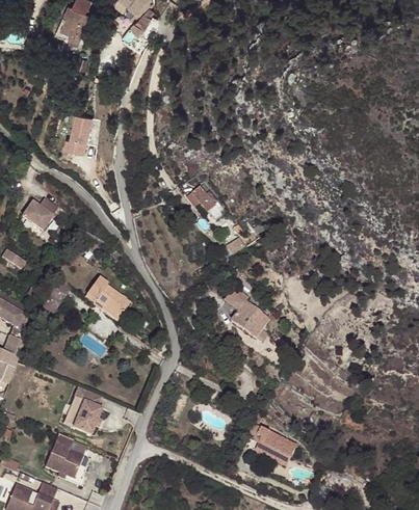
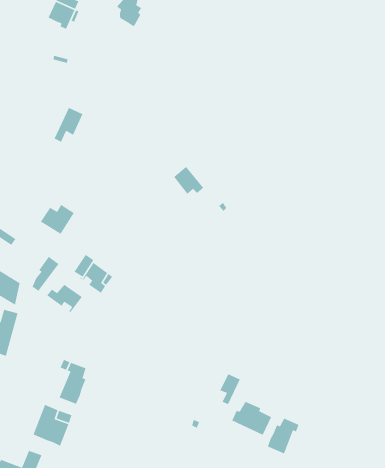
building: [22,197,58,230] -> [40,204,75,235]
building: [231,299,268,335] -> none
building: none -> [46,284,83,313]
building: none -> [219,373,241,405]
building: none -> [267,417,299,455]

